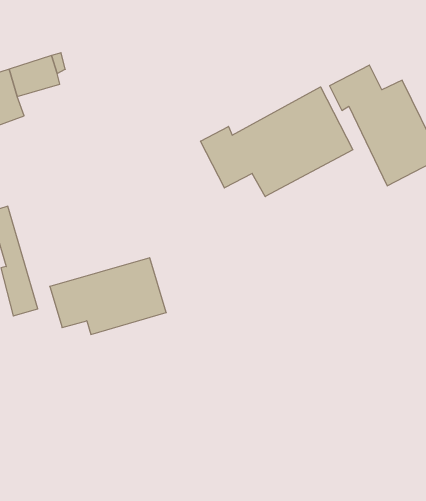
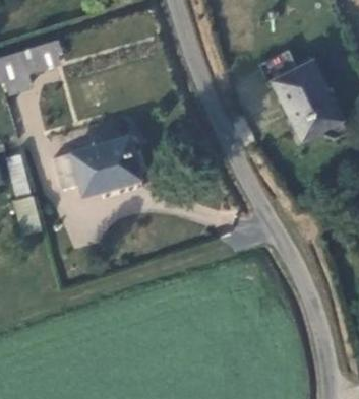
building: [201,87,353,197] -> none
building: [50,258,166,334] -> [54,138,140,195]

